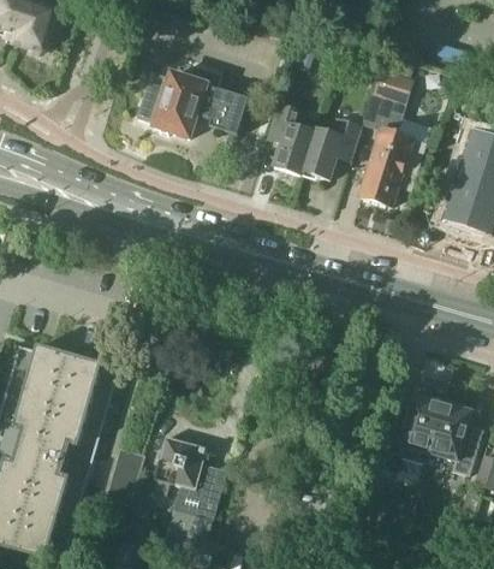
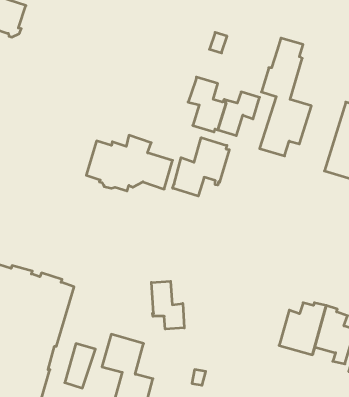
building: [135,64,246,136] -> [86,135,173,191]
building: none -> [173,138,229,196]
building: none -> [151,281,184,329]

